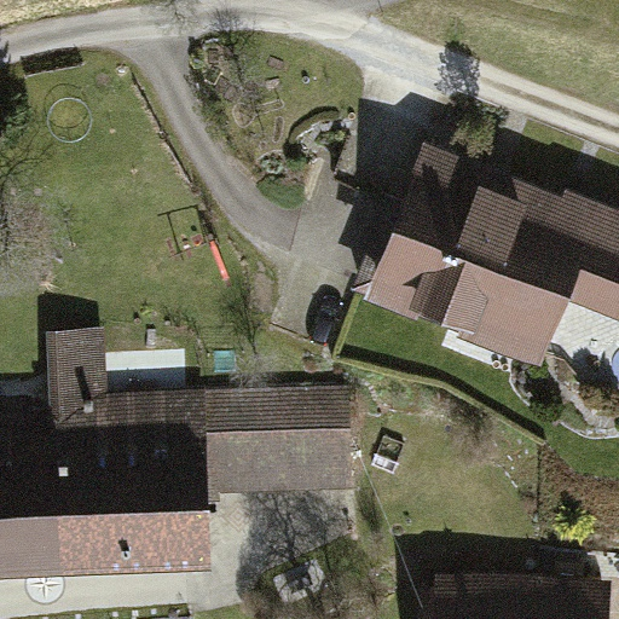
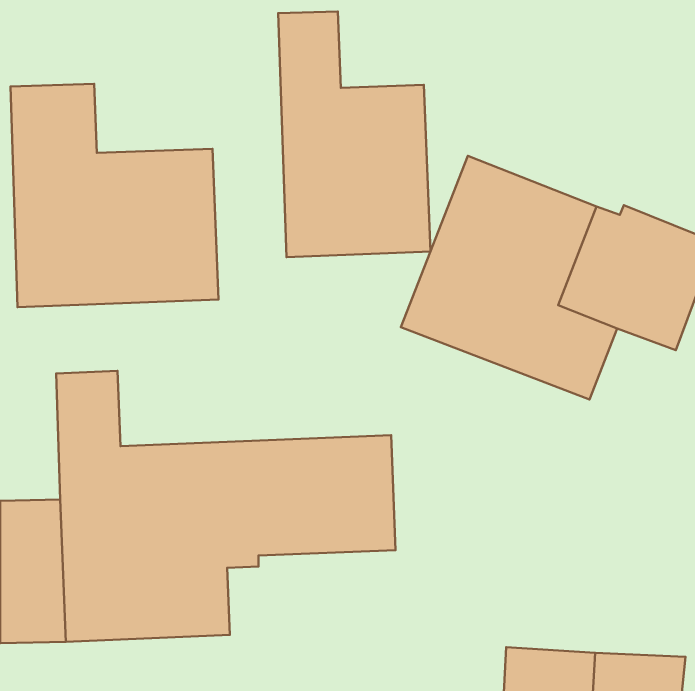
building: none -> [278,11,430,257]
building: none -> [11,84,219,307]

